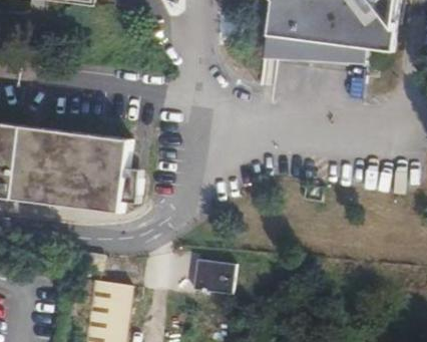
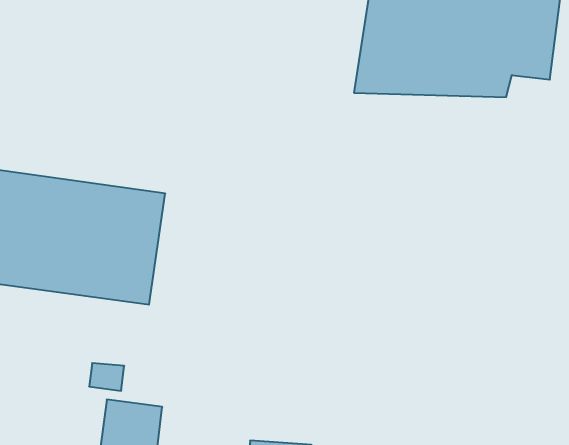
building: [185,260,229,295] -> none

